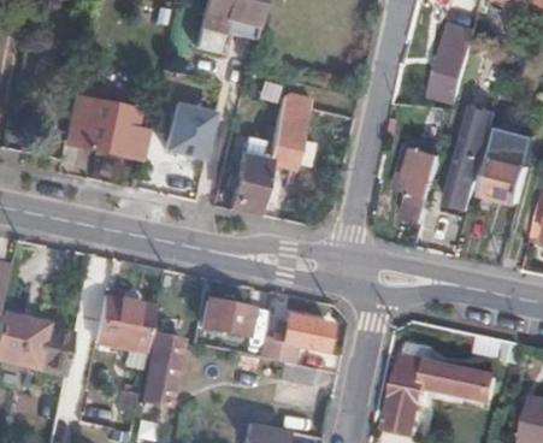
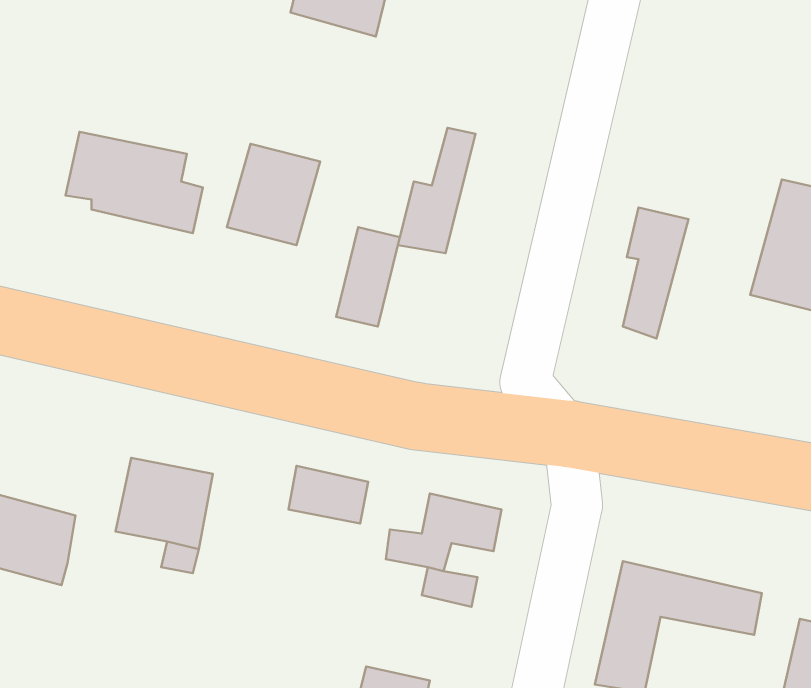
building: [432,22,474,99] -> none
building: [444,105,495,211] -> none
building: [143,332,183,404] -> none

